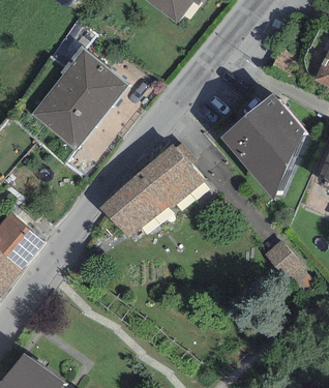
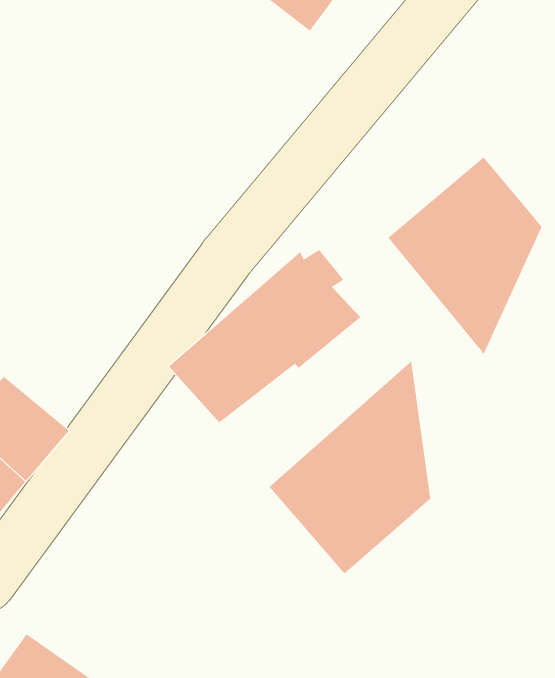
building: [30,44,129,150] -> none
building: none -> [269,361,431,574]

